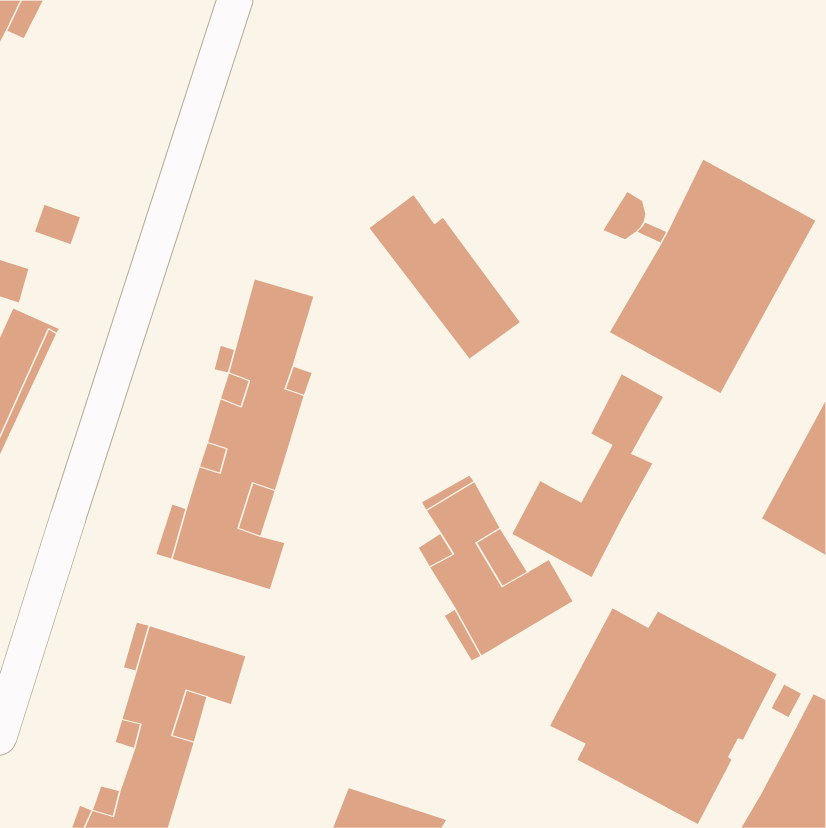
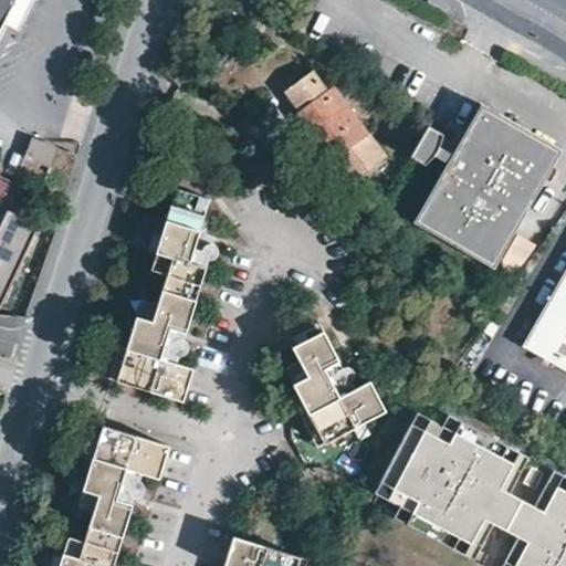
building: [369,194,521,360] -> [283,69,387,181]
building: [512,373,664,578] -> none
building: none -> [495,496,536,541]

